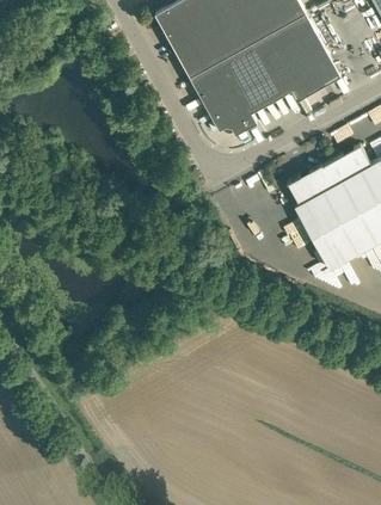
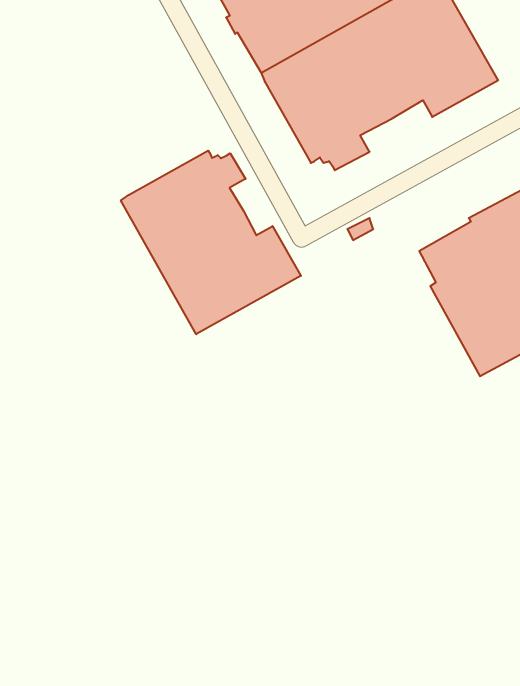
building: none -> [121,151,301,334]

